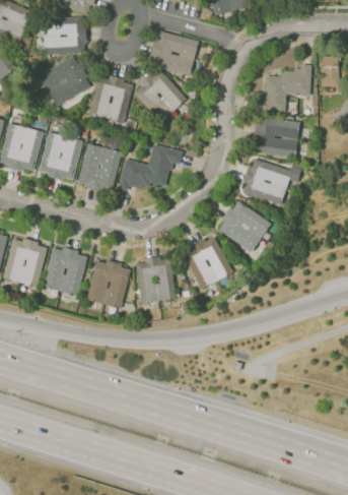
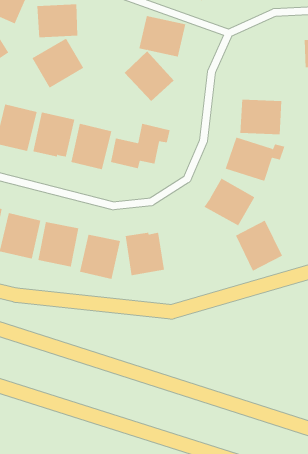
building: [262,64,311,111] -> none
building: [91,74,132,122] -> none
building: [183,235,232,289] -> [235,220,283,271]

